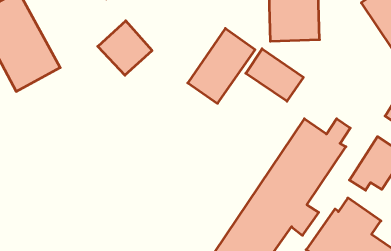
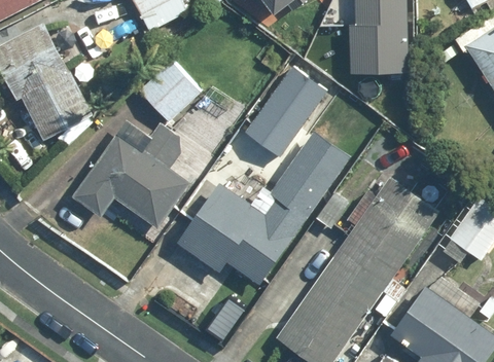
building: [246,49,303,101] -> none
building: none -> [72,120,190,229]
building: none -> [174,134,349,285]

